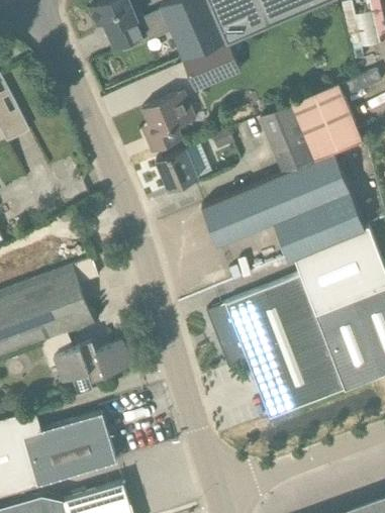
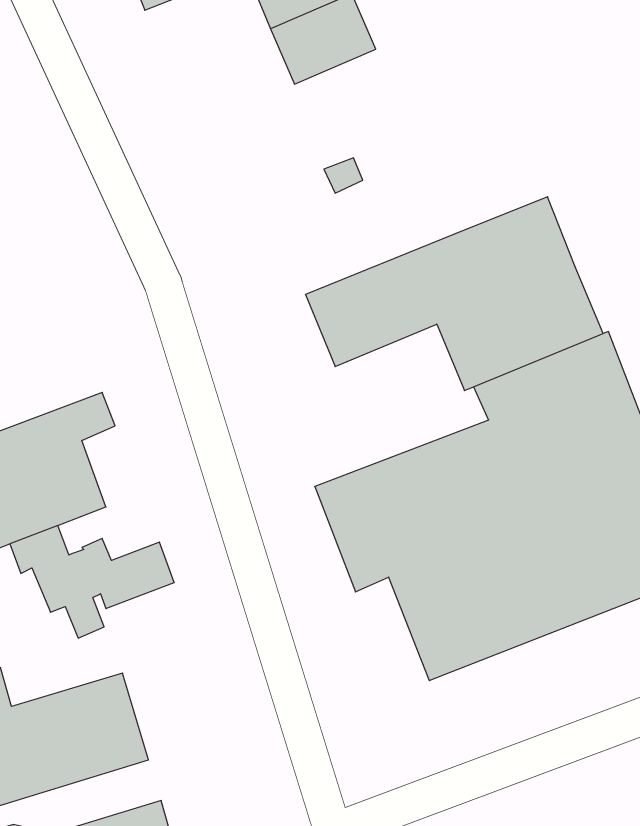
building: [259,85,361,174] -> none
building: [141,93,194,155] -> none
building: [155,148,197,191] -> none

